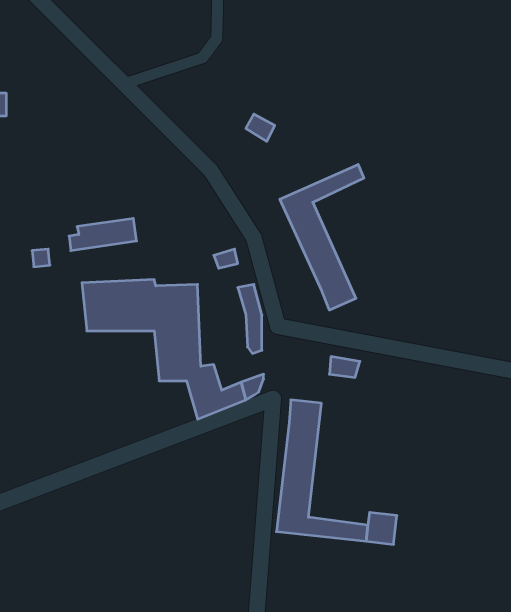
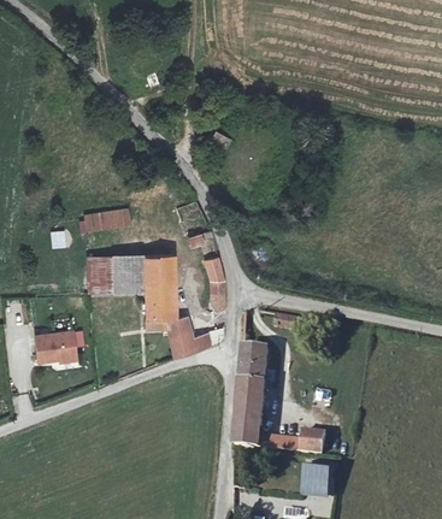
building: [280,164,364,310] -> none
building: none -> [35,329,79,361]
building: none -> [305,462,329,493]

